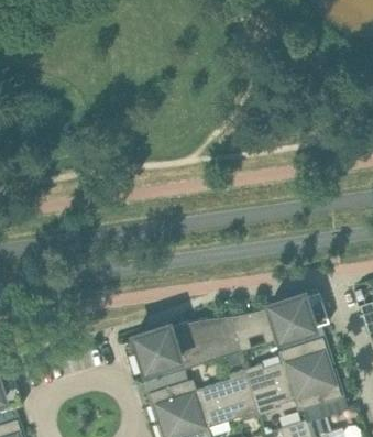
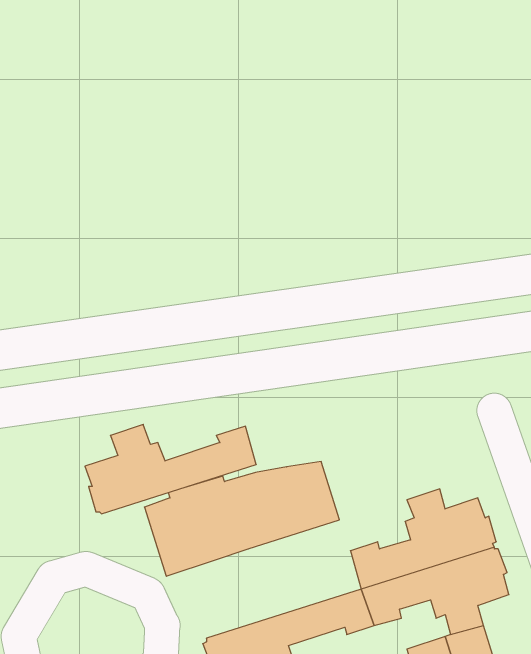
building: [227,293,328,351] -> none
building: [147,369,251,423] -> [85,424,256,514]

